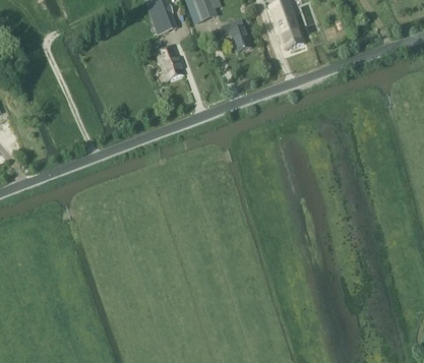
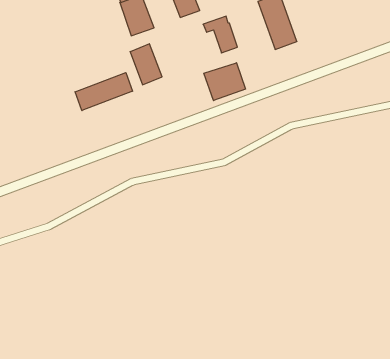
building: none -> [204,63,245,101]
building: none -> [75,73,133,111]

